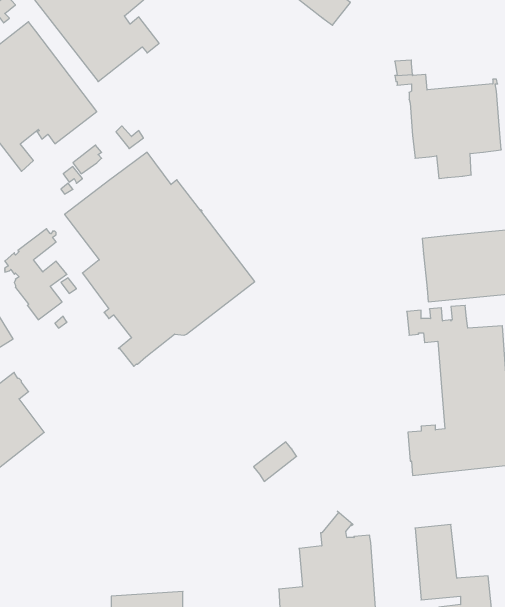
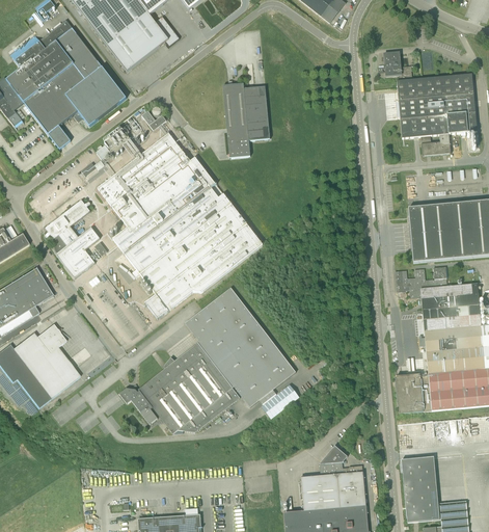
building: none -> [223,83,270,158]
building: none -> [119,287,296,433]

